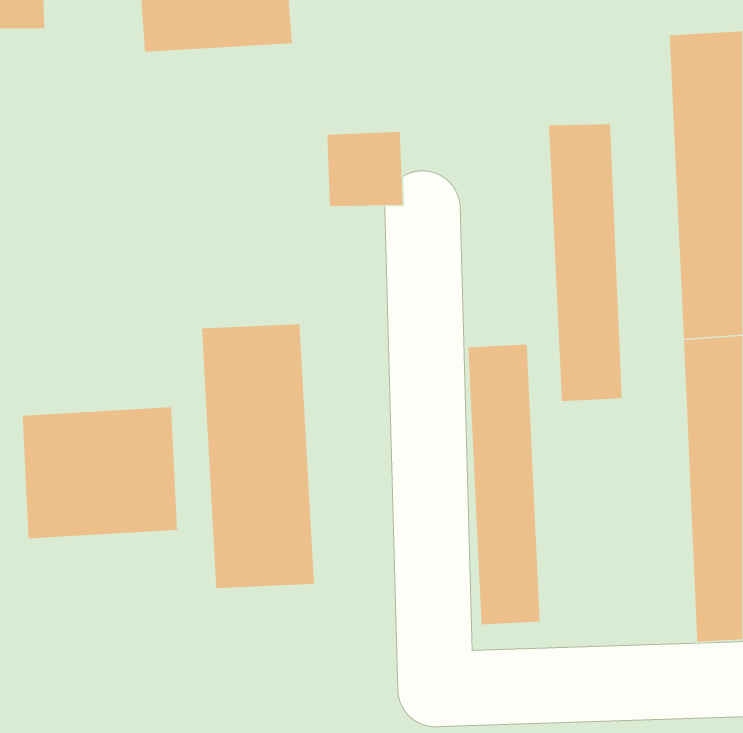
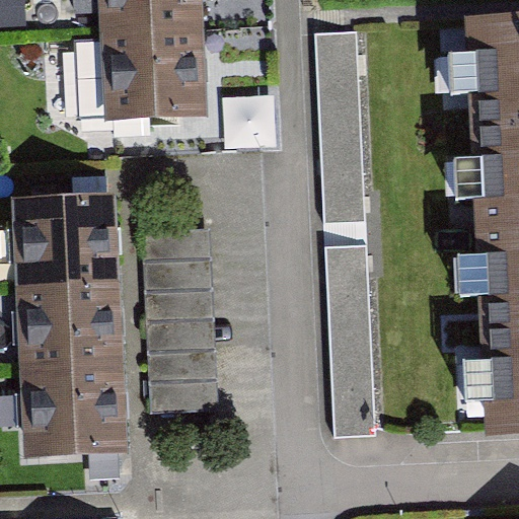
building: none -> [100,30,209,124]
building: [548,123,622,402] -> [314,26,366,220]
building: none -> [10,197,120,289]
building: none -> [19,369,129,461]

